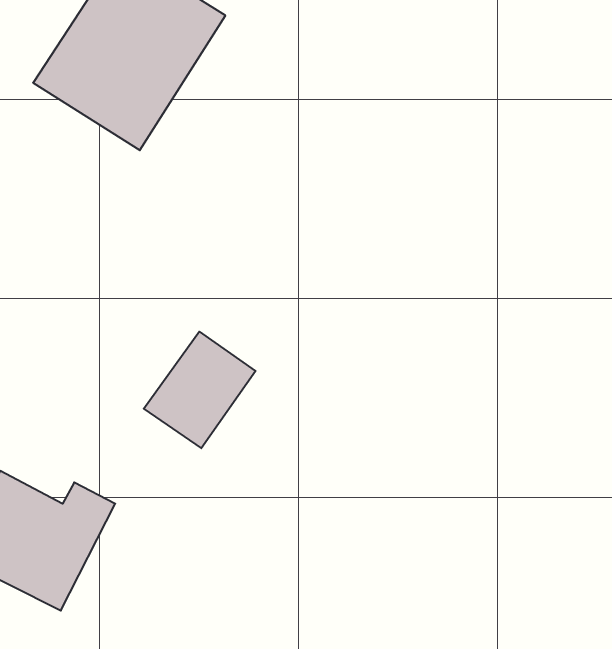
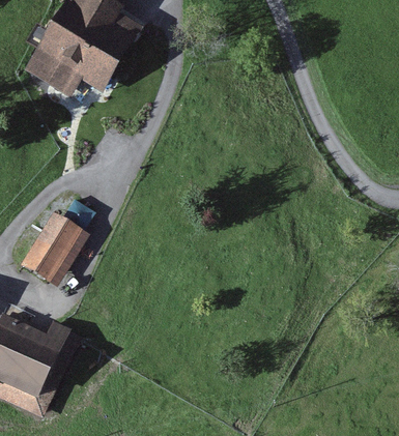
building: [144,332,256,448] -> [19,211,89,285]

